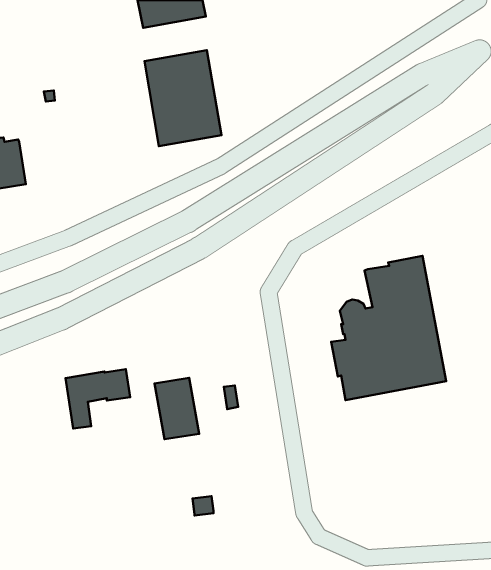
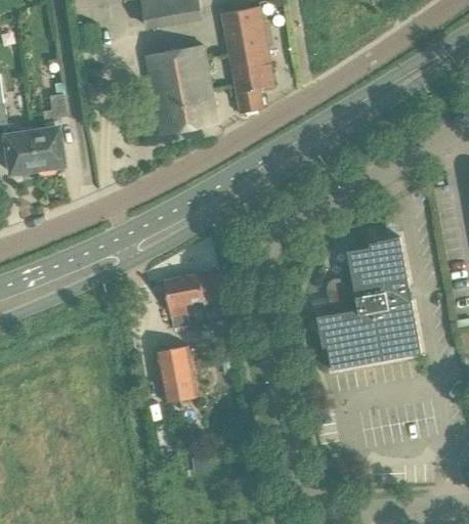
building: none -> [222,7,273,115]
building: none -> [31,95,68,170]
building: [66,369,130,429] -> [165,274,224,329]

